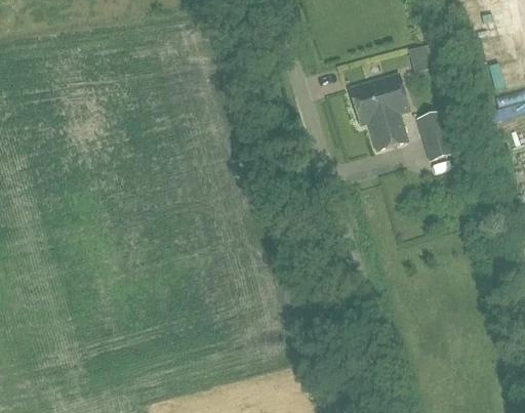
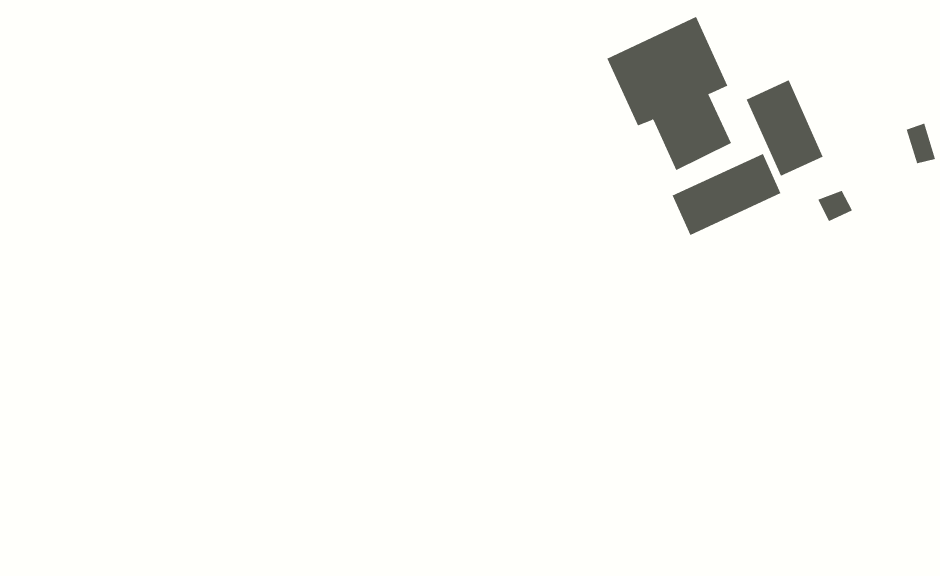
building: none -> [672,153,781,236]

